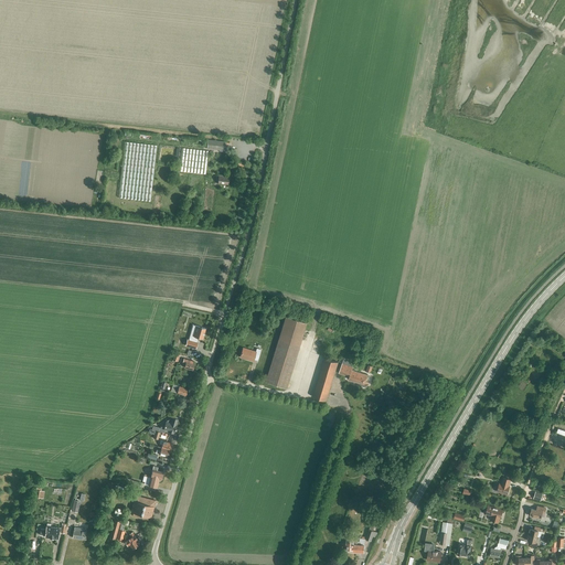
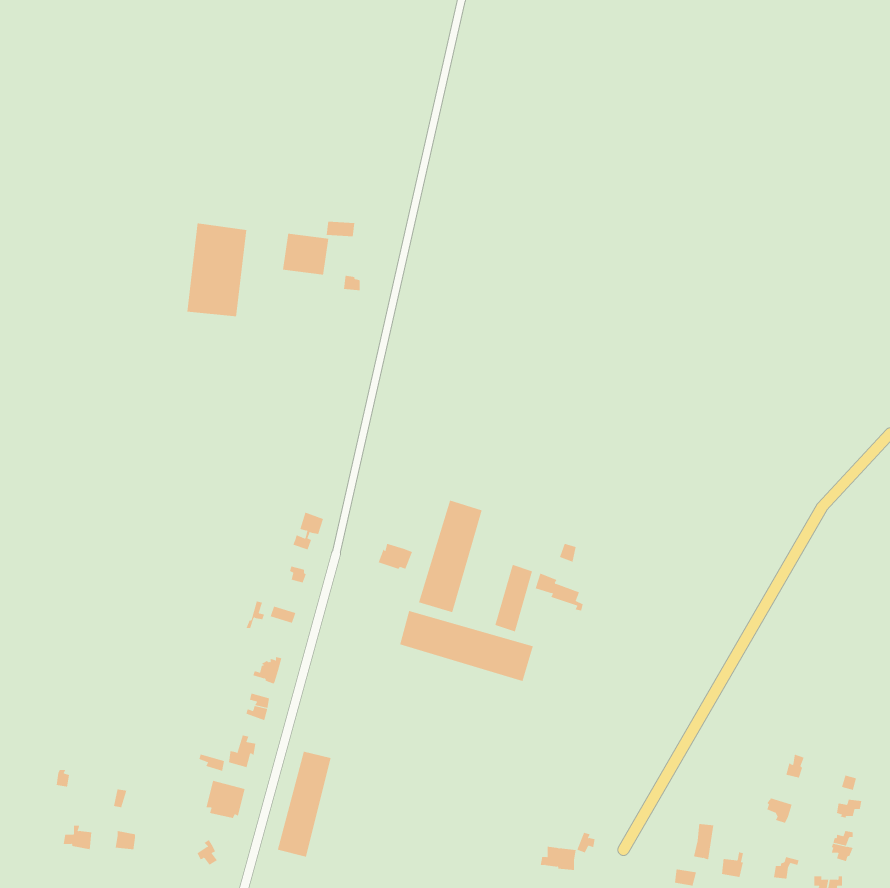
building: none -> [399,610,534,682]
building: none -> [277,751,331,858]

